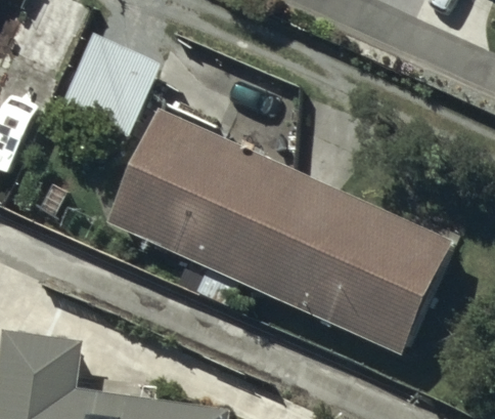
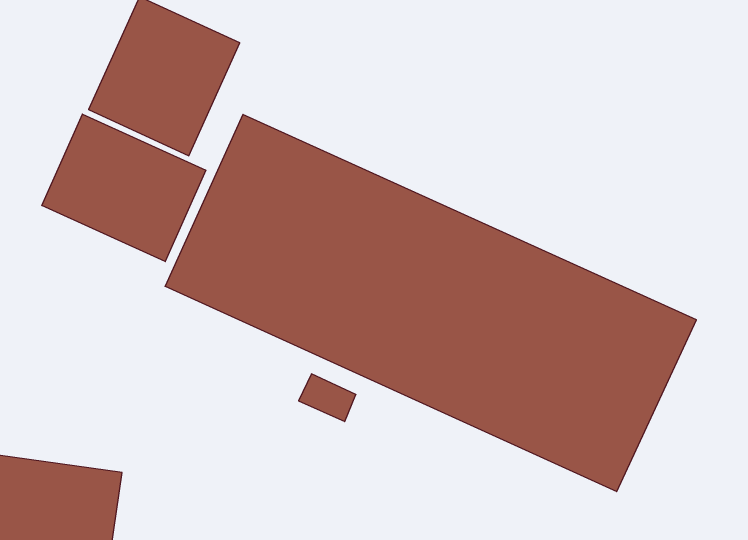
building: none -> [42,114,206,262]

